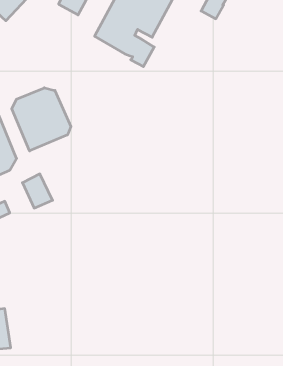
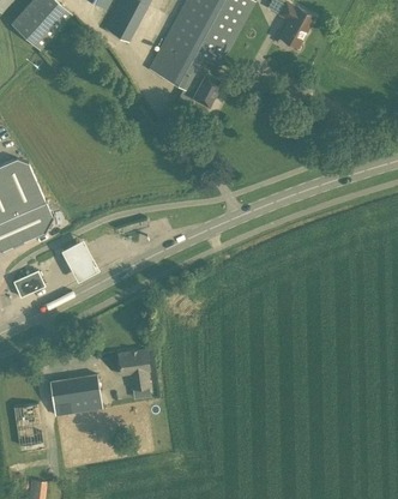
building: [12,88,71,151] -> none
building: none -> [119,350,150,390]
building: none -> [50,374,103,416]

